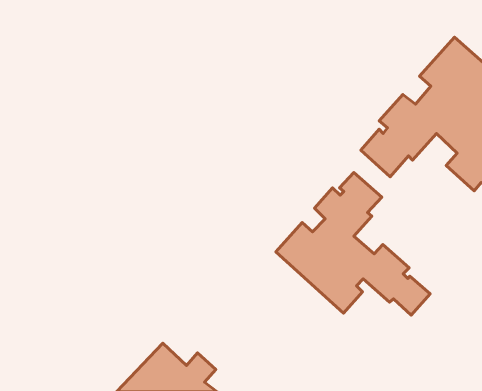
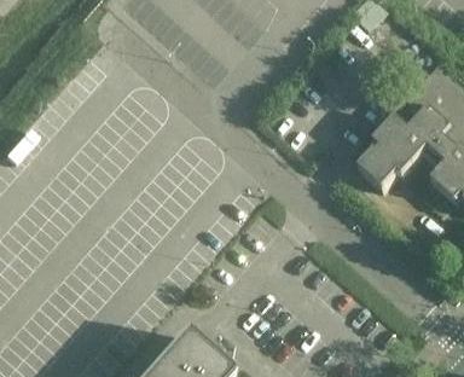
building: [276,173,430,315] -> none

